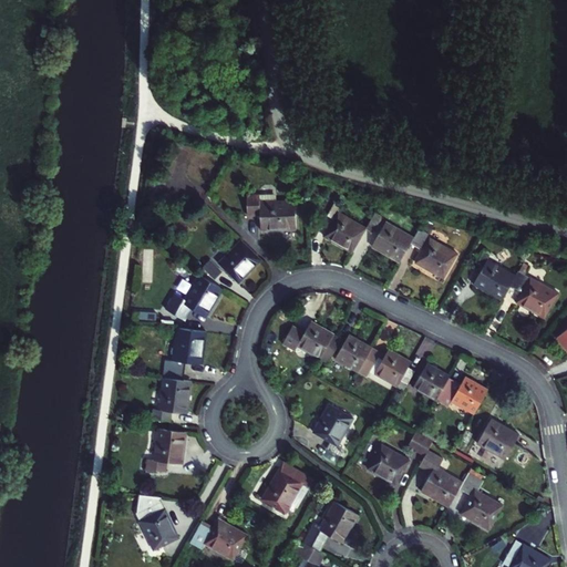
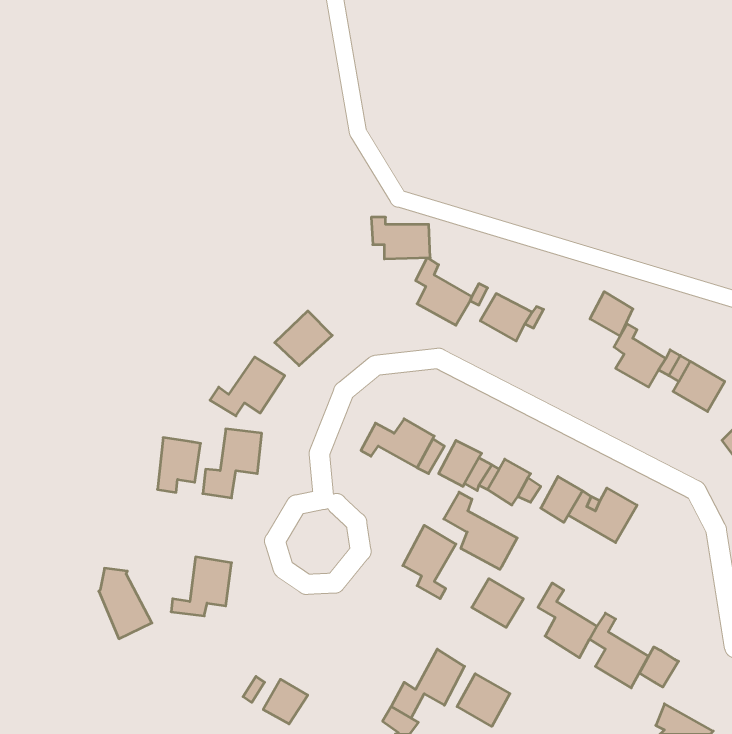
building: [246,193,291,225] -> [371,217,430,259]
building: [417,243,451,277] -> [590,292,633,336]
building: none -> [444,492,517,569]
building: [154,380,187,422] -> [157,438,201,492]
building: [482,416,522,458] -> none
building: [261,464,312,516] -> none
building: [132,497,173,551] -> [99,568,152,639]
building: none -> [639,647,679,687]
building: none -> [457,674,510,726]

